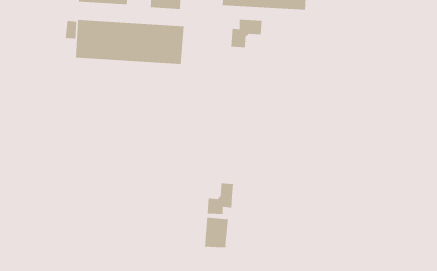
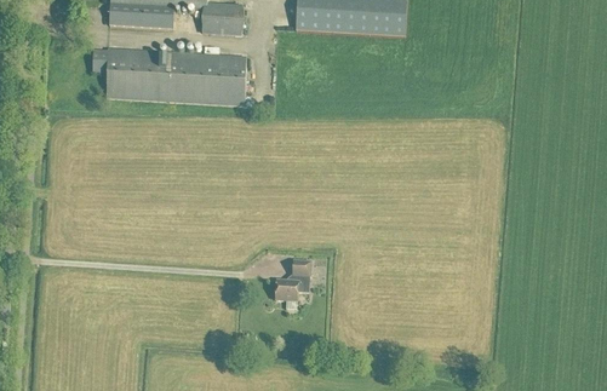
building: [231,19,262,48] -> none
building: [205,217,228,248] -> none

